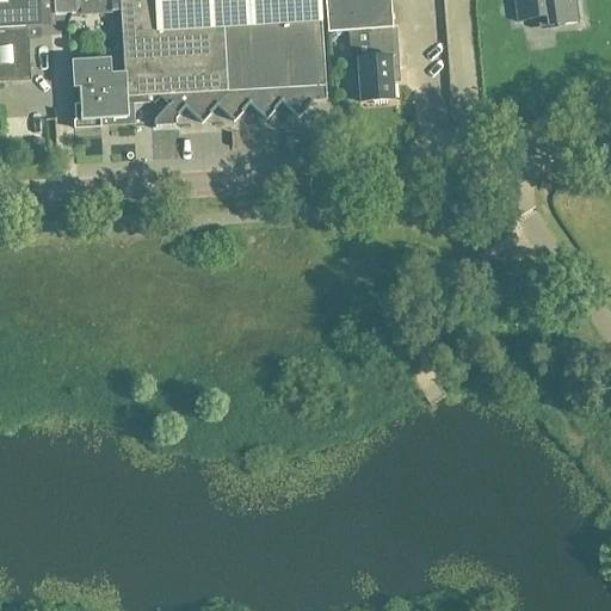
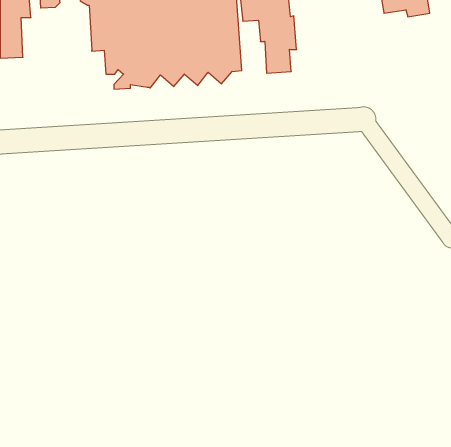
building: [70,55,143,124] -> none

